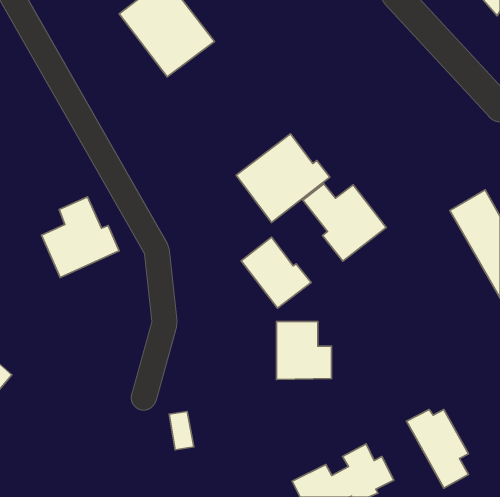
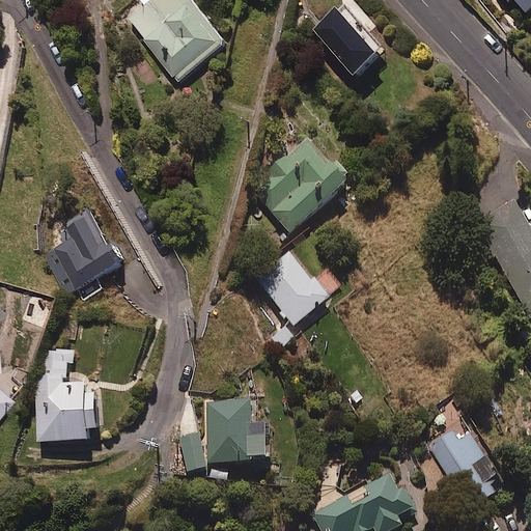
building: none -> [311,6,386,81]
building: [303,184,386,261] -> none
building: [276,321,331,379] -> [205,404,263,466]
building: none -> [36,344,105,442]

